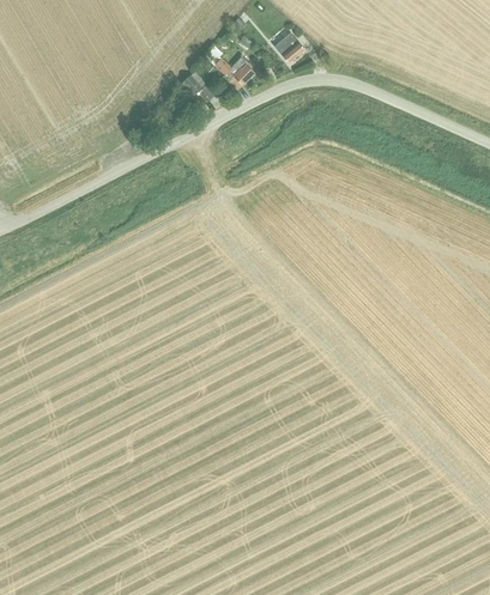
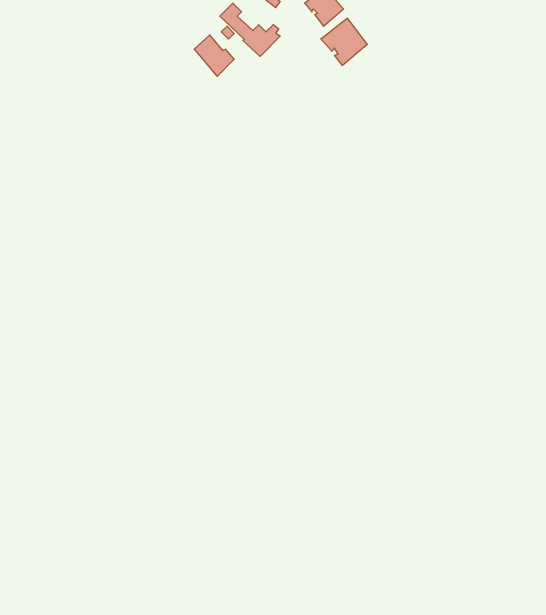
building: none -> [321,18,367,65]

